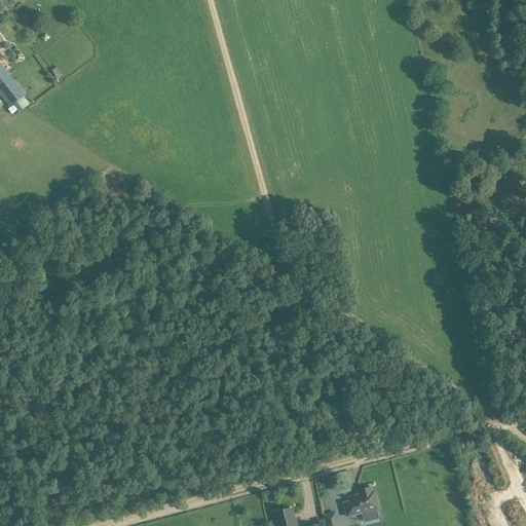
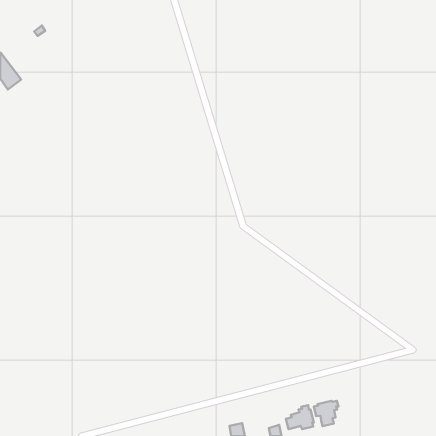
building: none -> [314,401,338,426]

